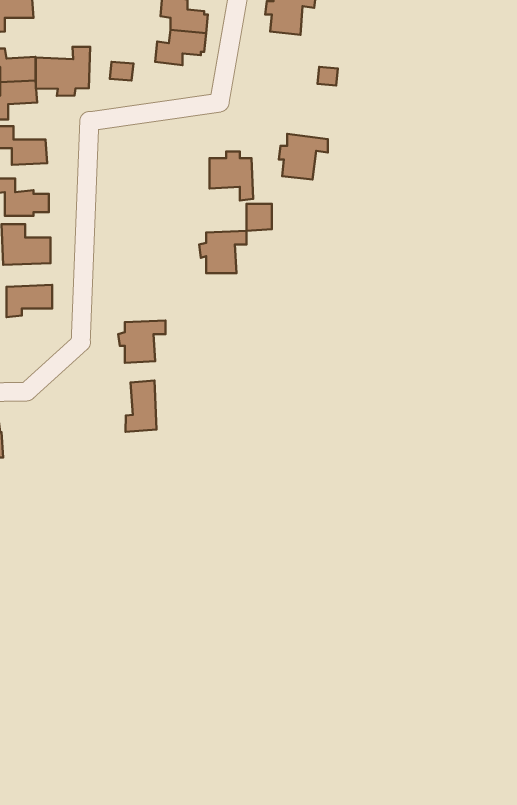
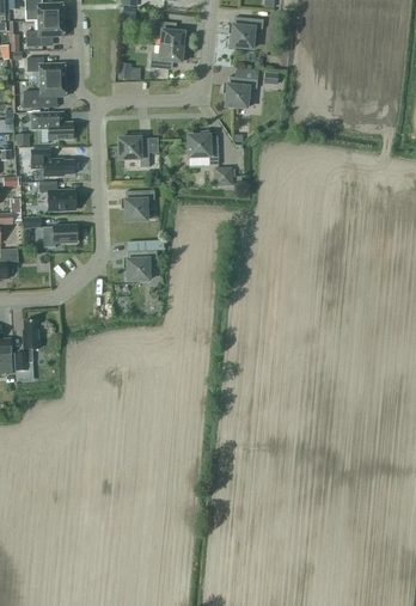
building: [36,47,90,96] -> none
building: [279,134,328,180] -> [222,75,257,108]
building: none -> [118,133,149,167]
building: [199,231,247,273] -> [121,190,154,220]
building: [126,381,156,432] -> none

